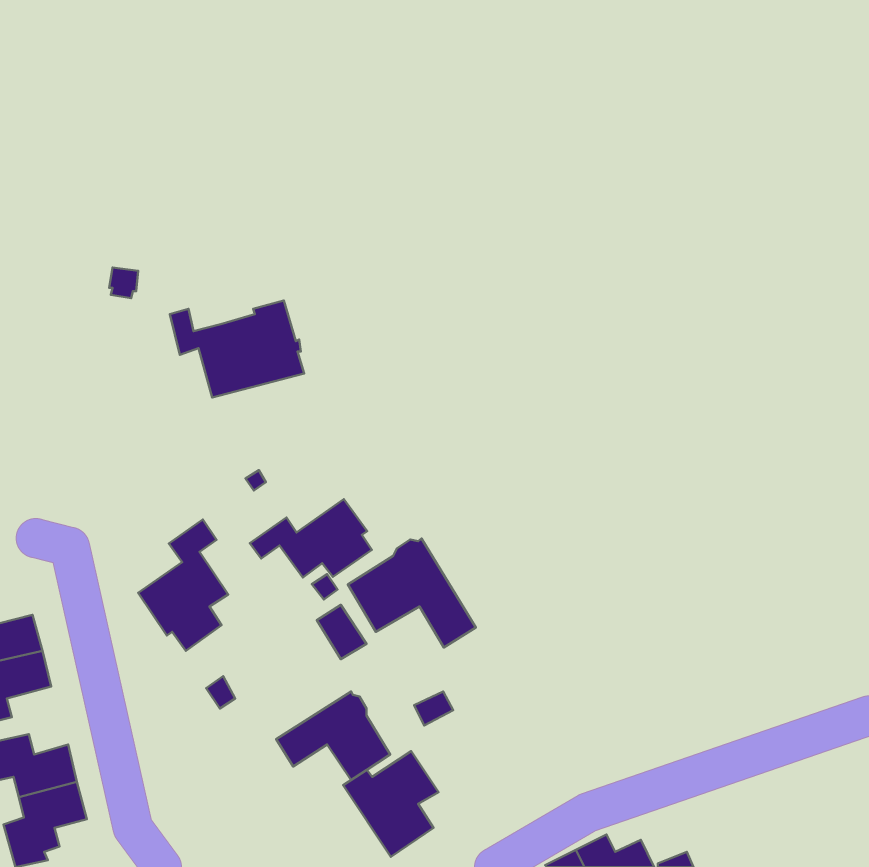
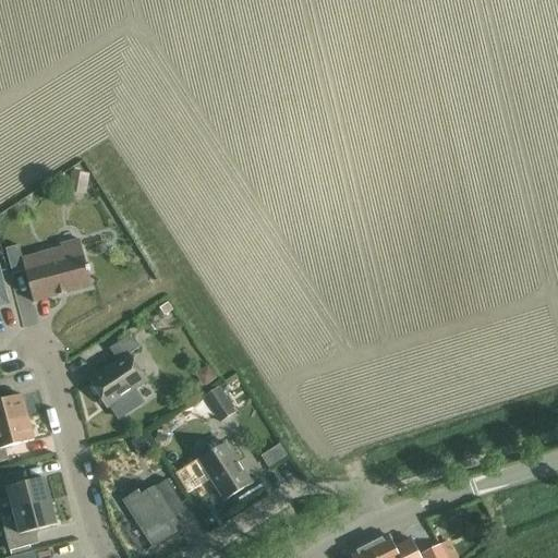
building: [170,300,304,397] -> [5,239,92,301]
building: [250,499,372,578] -> none
building: [348,539,476,647] -> none
building: [343,751,438,857] -> [122,478,183,546]

